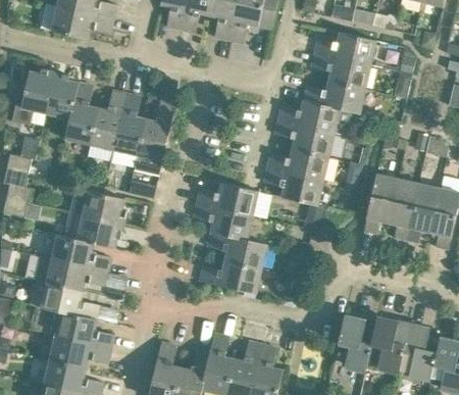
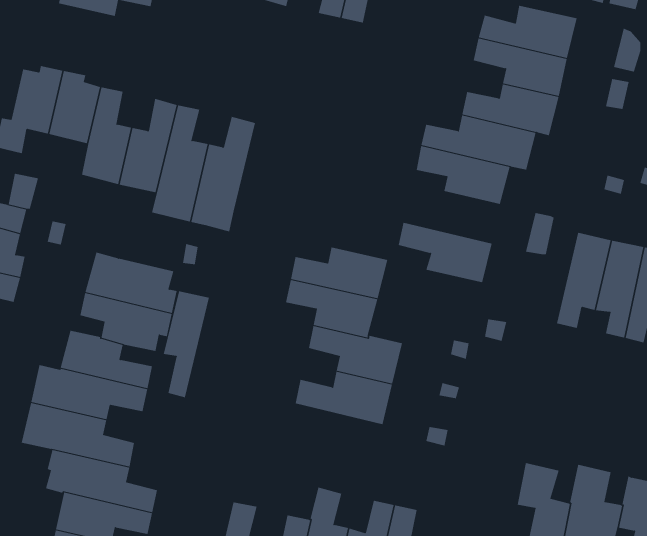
building: [267,148,328,181] -> none
building: none -> [163,291,209,398]

